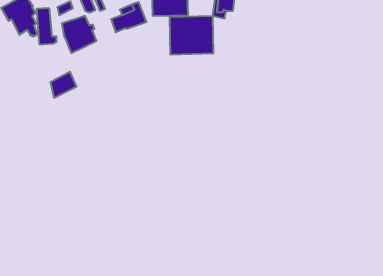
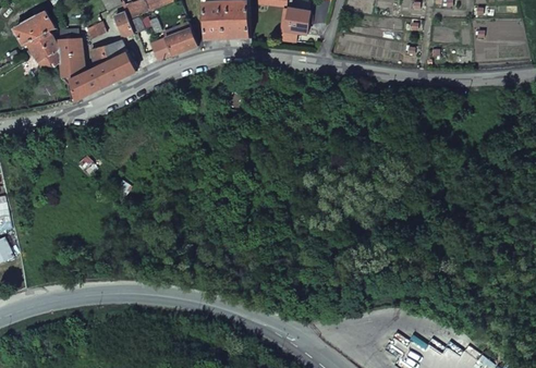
building: [170,16,213,55] -> none
building: [50,72,76,98] -> [70,68,102,100]

